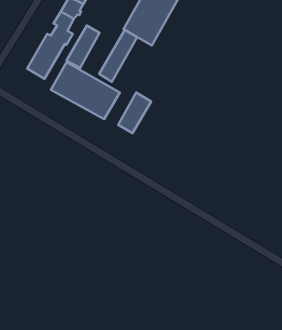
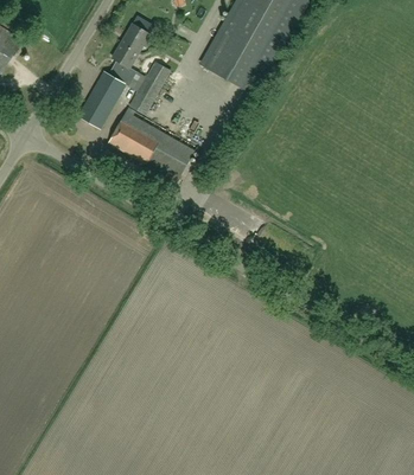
building: [99,30,137,82] -> none
building: [118,92,151,133] -> none

